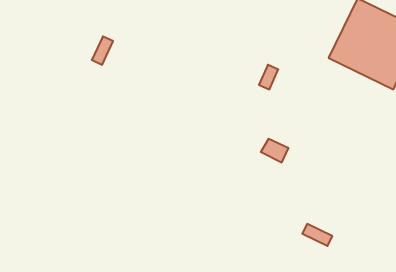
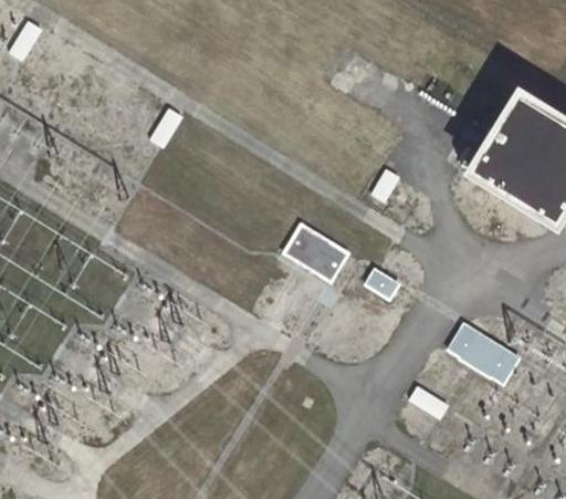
building: none -> [283,221,353,283]
building: none -> [447,322,520,383]

